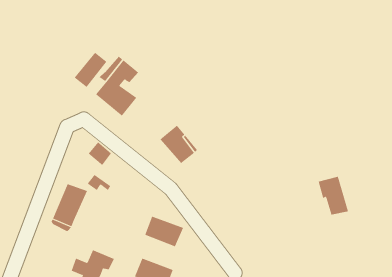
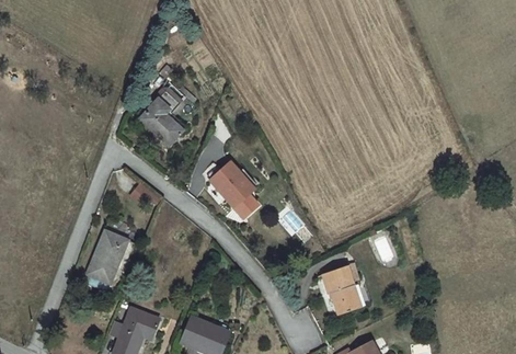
building: [74,52,107,88] -> none
building: [318,176,349,215] -> [324,265,360,311]
building: [145,216,184,247] -> none

